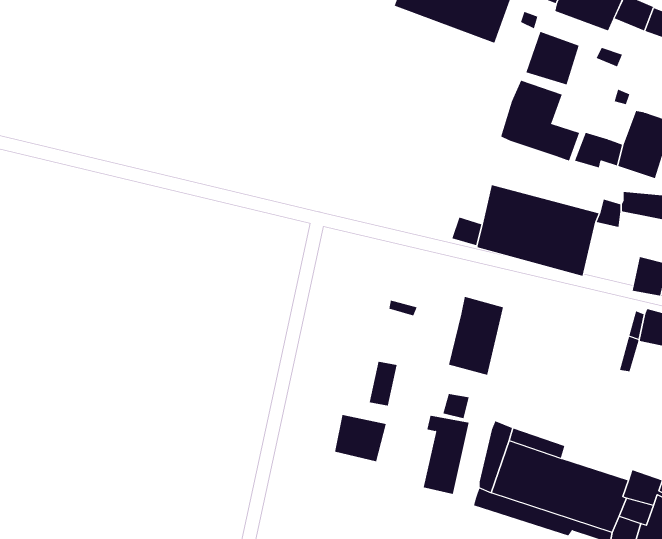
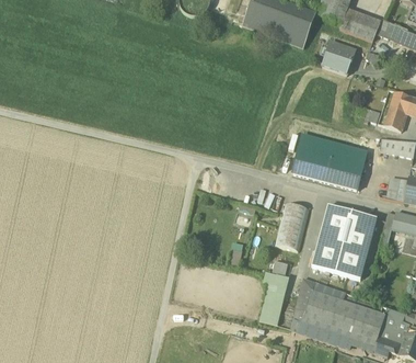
building: [500,80,580,162] -> none
building: none -> [312,204,378,280]
building: [335,414,387,462] -> none

